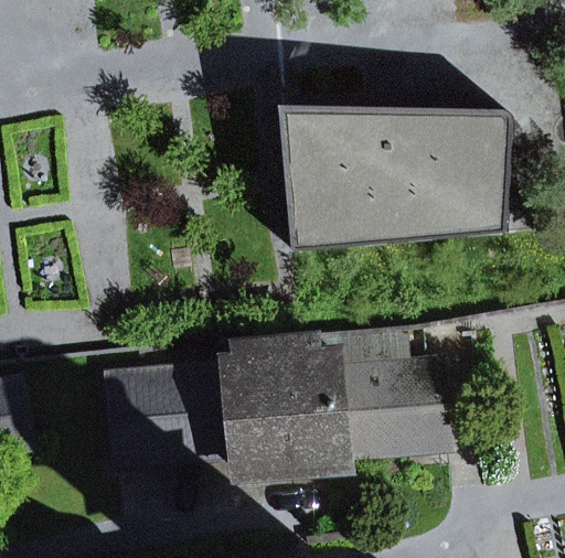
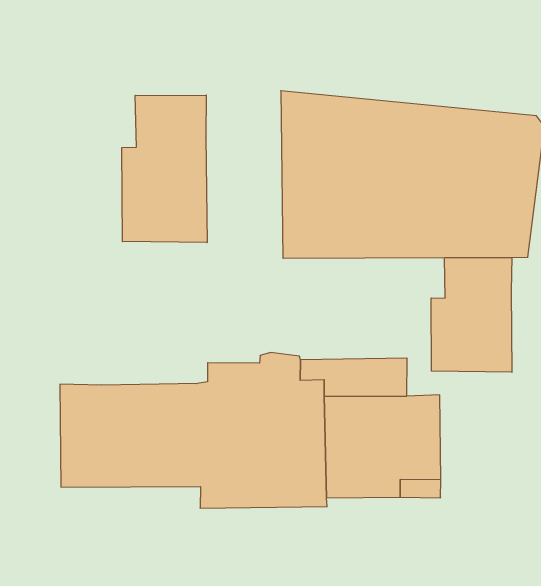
building: none -> [122,95,207,243]
building: none -> [431,258,512,372]

